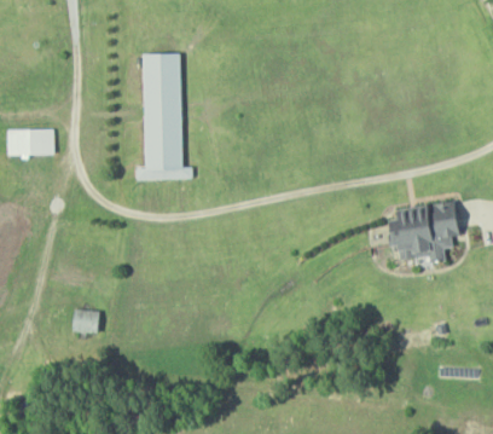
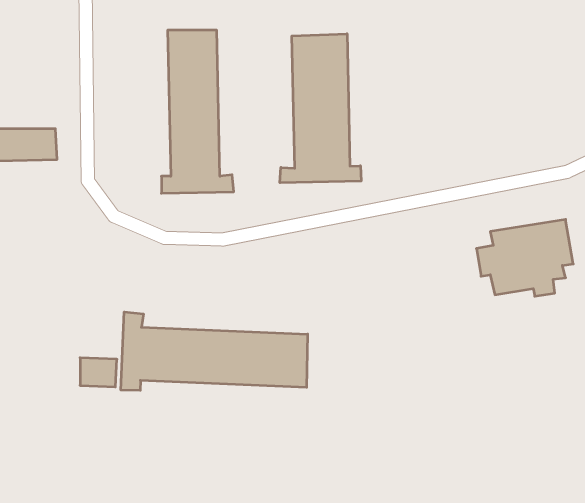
building: none -> [280,34,361,183]
building: none -> [121,312,308,390]

